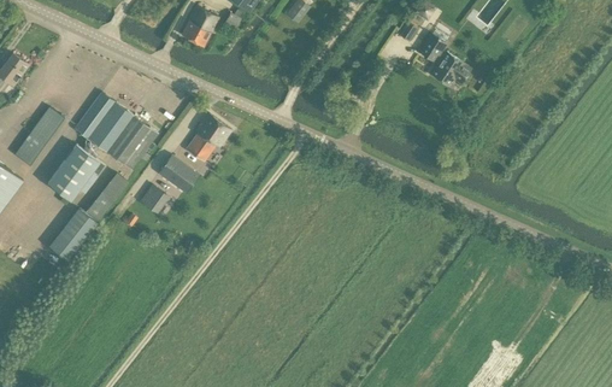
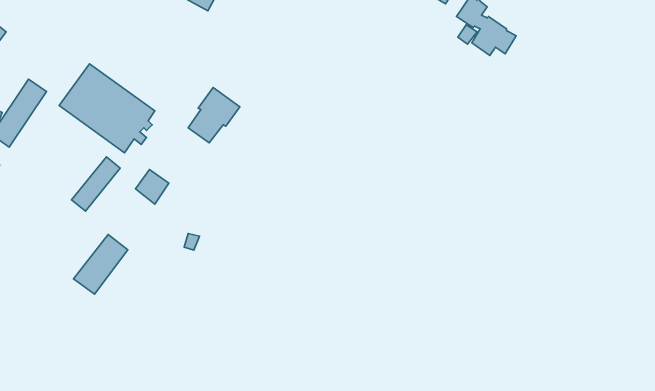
building: [47,145,104,201] -> none
building: [157,154,199,194] -> none
building: [48,209,95,260] -> [74,234,128,294]

